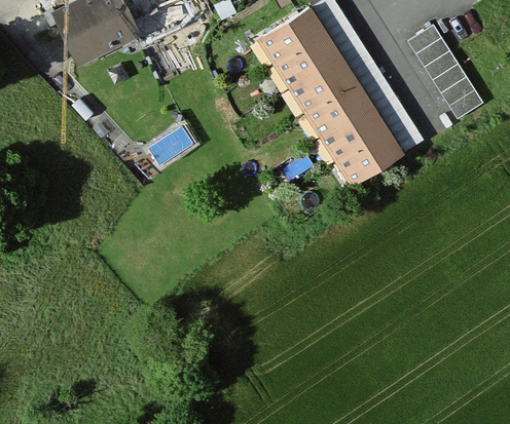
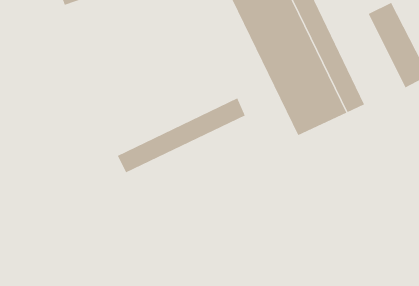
building: none -> [117,98,246,173]

